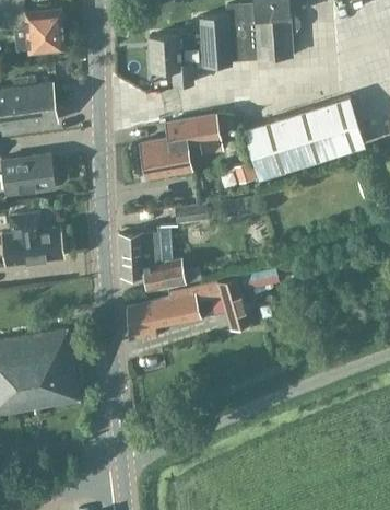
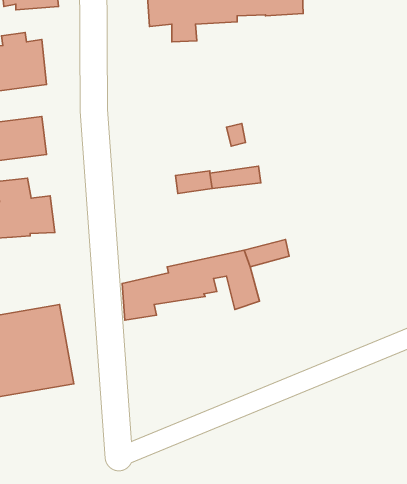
building: [244,97,365,178] -> none
building: [143,114,221,179] -> none
building: [118,225,203,292] -> none

